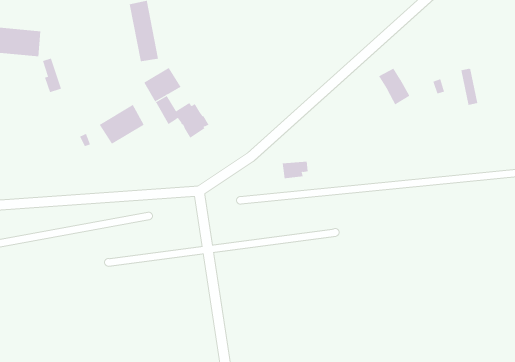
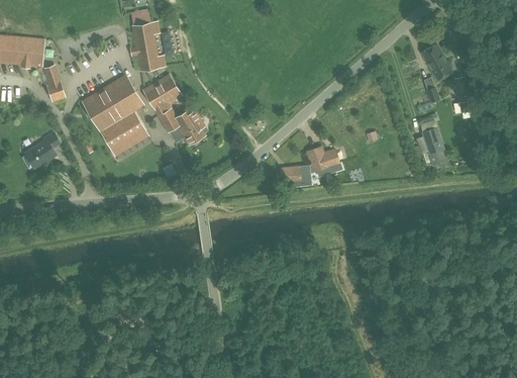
building: [378,68,410,105] -> [420,43,451,80]
building: none -> [82,76,142,129]
building: none -> [24,132,59,167]
building: none -> [422,132,446,166]
building: none -> [306,147,338,172]

